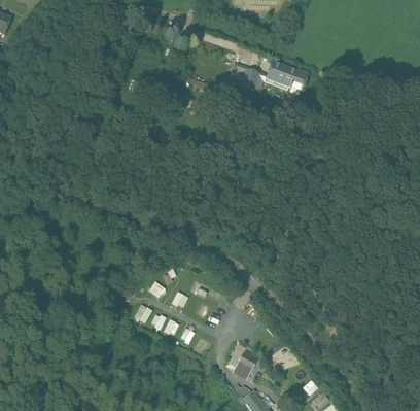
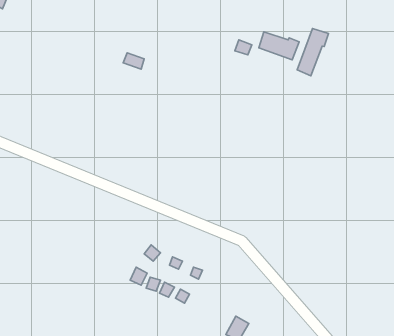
building: none -> [297,28,328,76]

